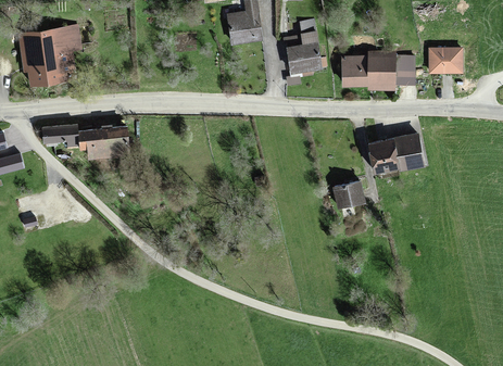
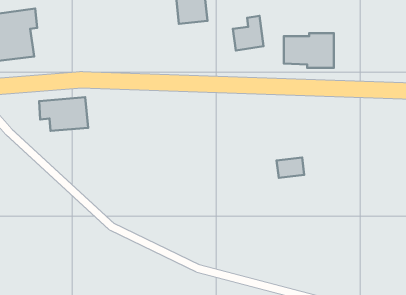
building: [428,47,464,74] -> none
building: [394,58,413,85] -> none
building: [43,116,81,146] -> none
building: [369,137,422,174] -> none

